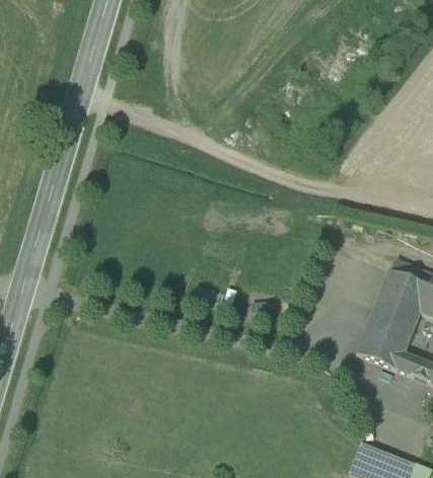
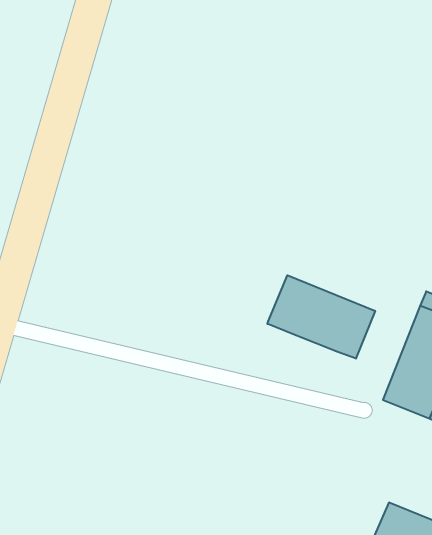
building: none -> [267,275,375,359]

